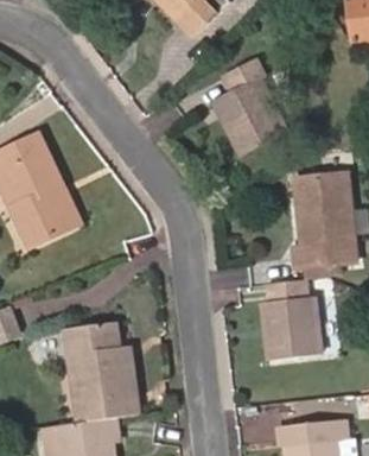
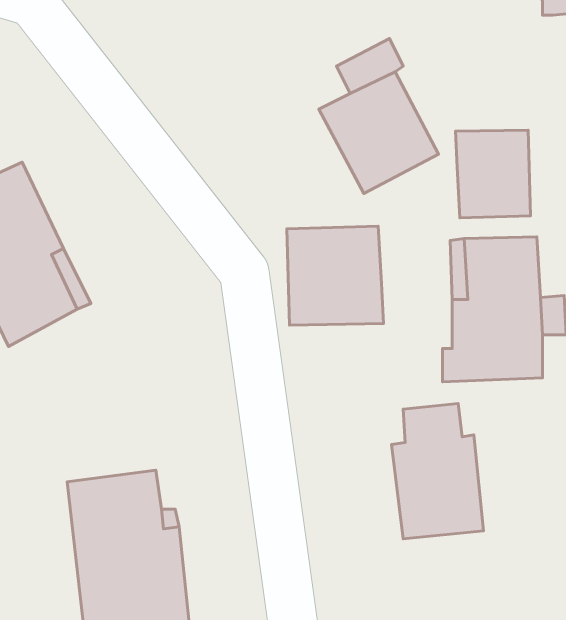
building: none -> [455,130,531,218]
building: none -> [287,226,383,325]

